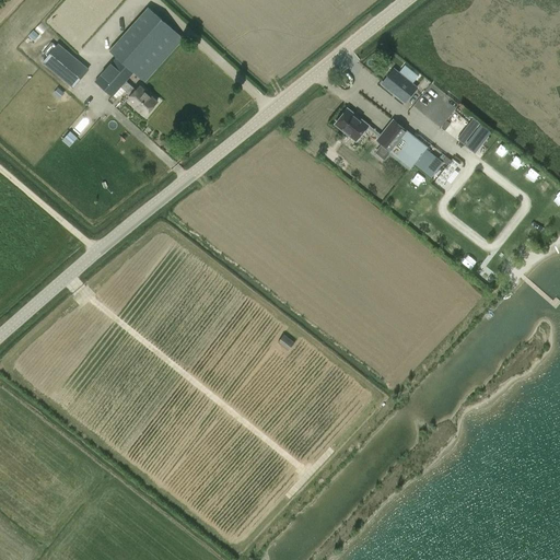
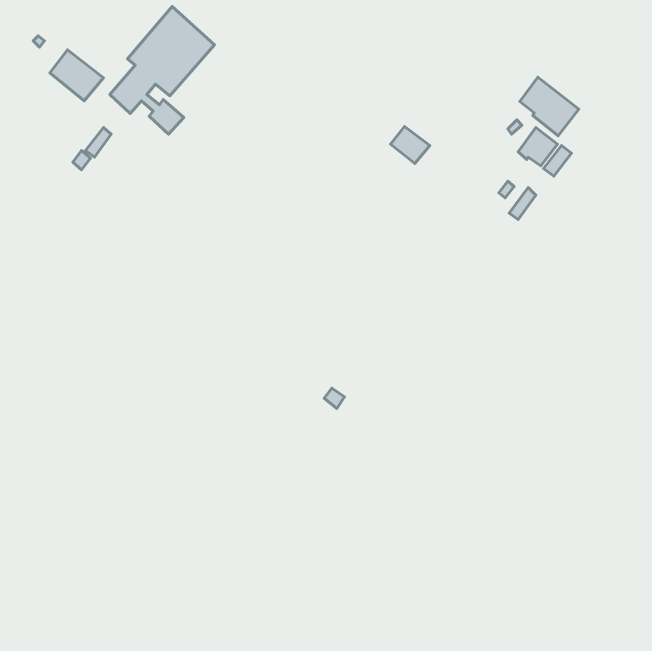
building: [380,75,410,105] -> none
building: [377,119,428,170] -> [520,77,579,136]

